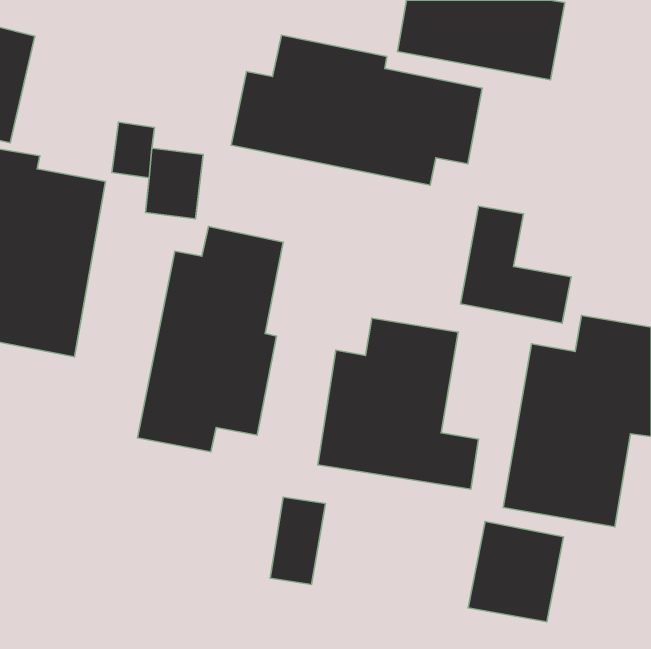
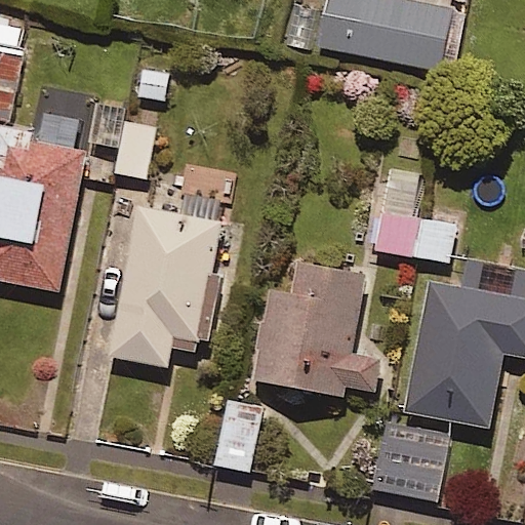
building: [231,35,482,185] -> none

